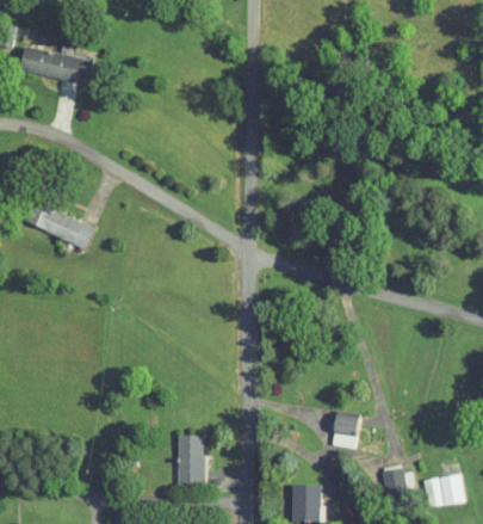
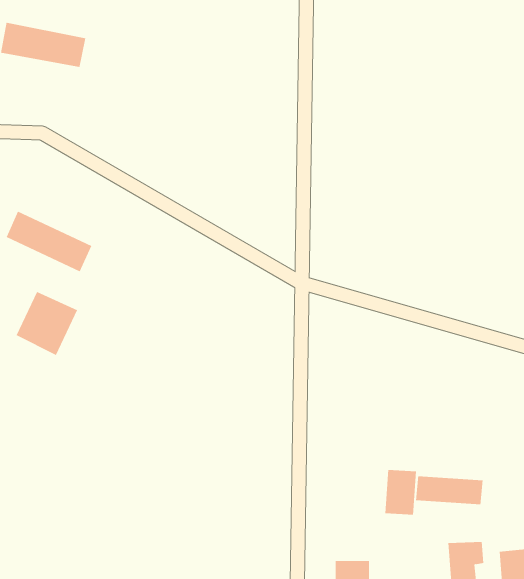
building: none -> [16,291,78,356]
building: none -> [416,475,483,505]
building: [178,436,204,486] -> none

